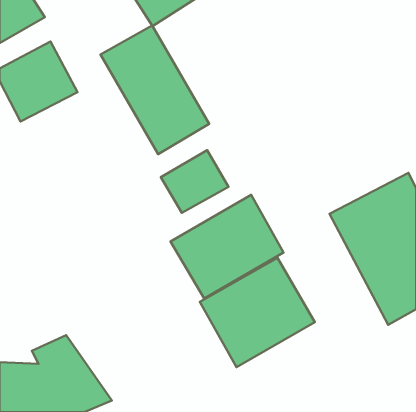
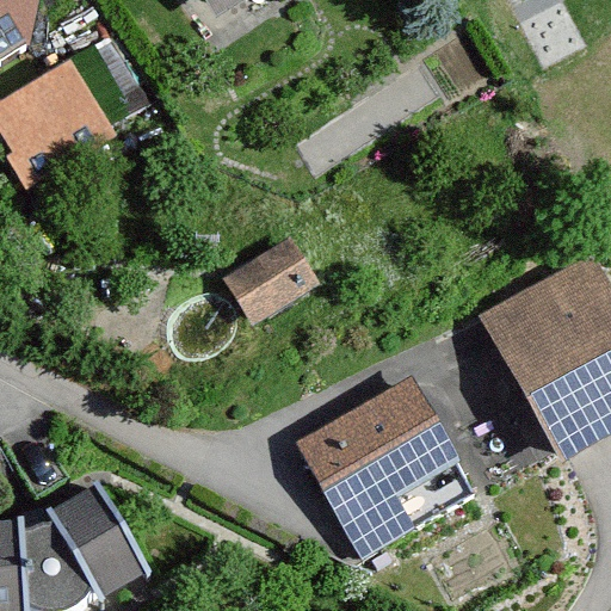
building: [101,26,209,154] -> none
building: [170,195,284,299] -> none

